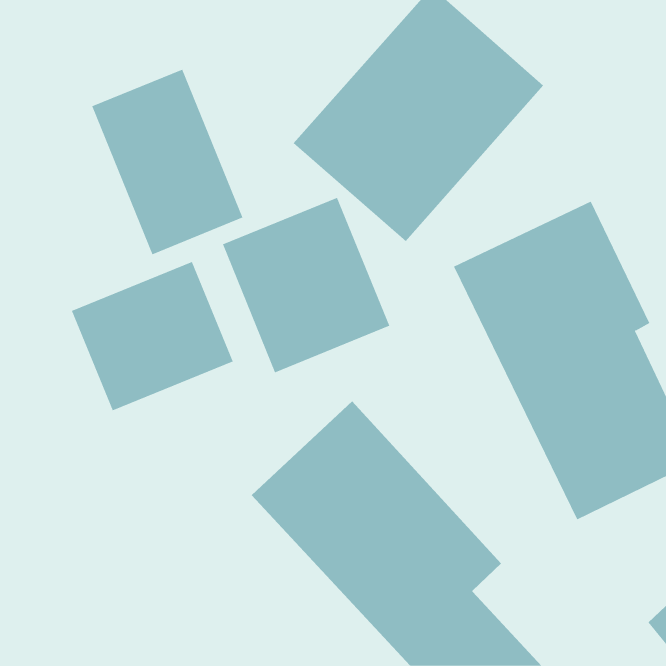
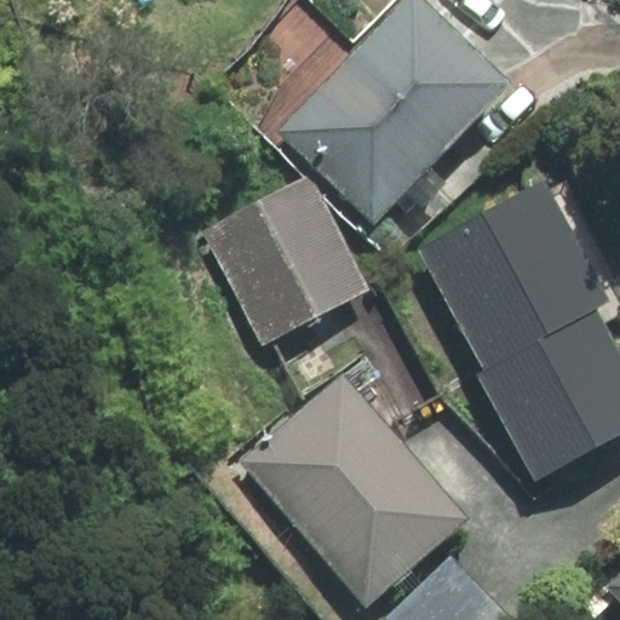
building: [91,69,243,255] -> none
building: [71,261,233,411] -> none

